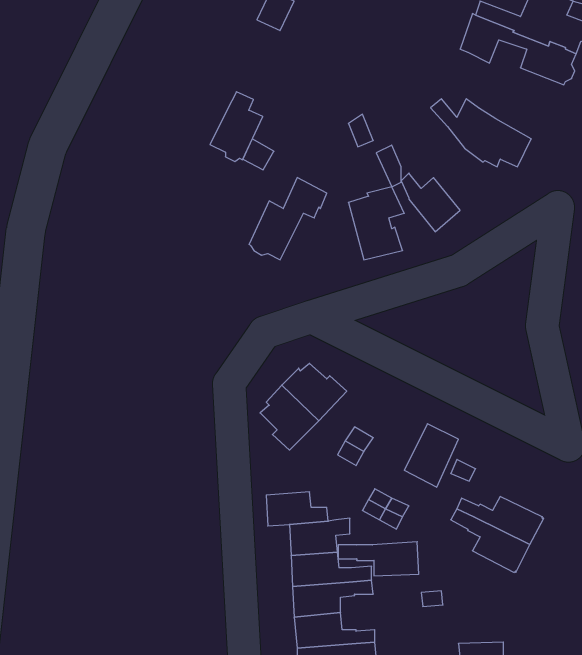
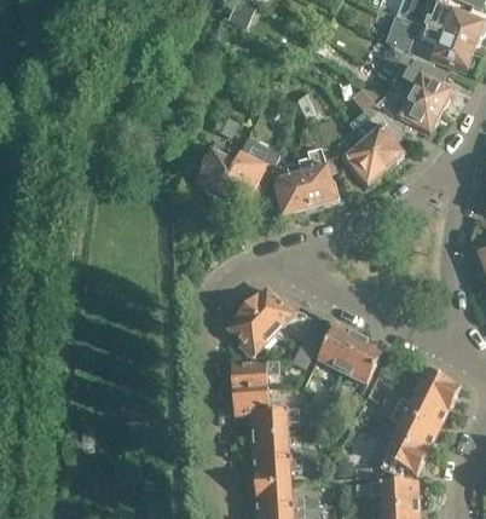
building: none -> [380,42,451,113]
building: [210,92,263,161] -> [193,142,235,196]
building: none -> [348,88,403,168]
building: none -> [274,162,308,215]
building: none -> [316,322,358,371]
building: none -> [231,362,278,391]
building: none -> [411,364,458,408]
building: [338,542,419,576] -> [354,480,417,507]
building: none -> [382,434,426,473]

